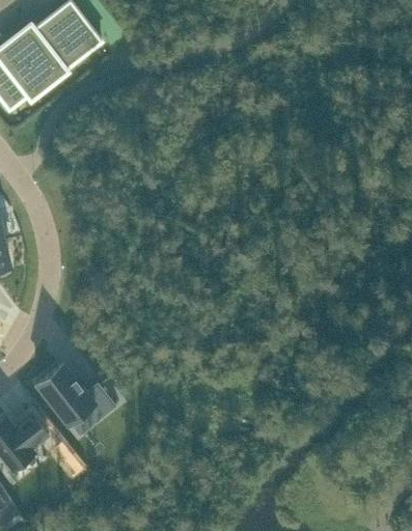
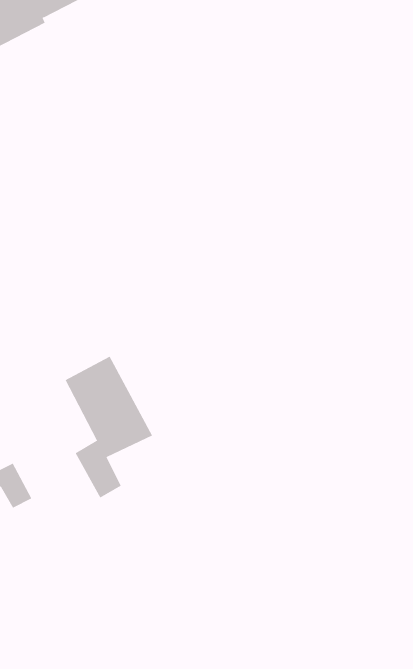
building: none -> [65,356,153,498]

